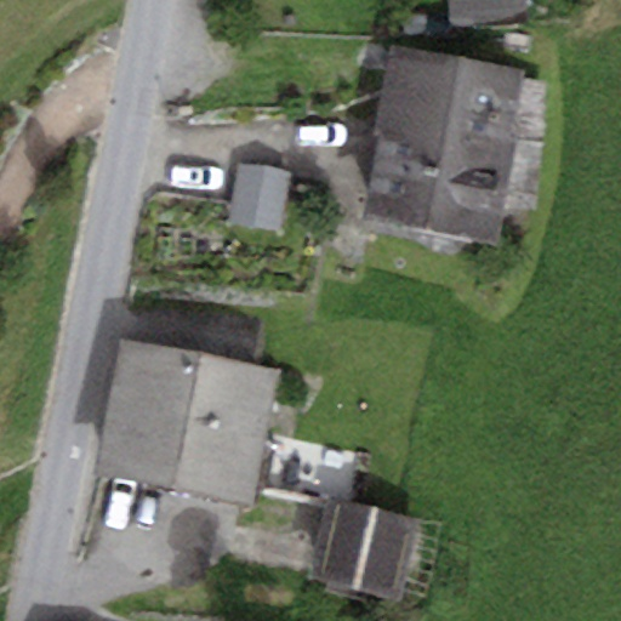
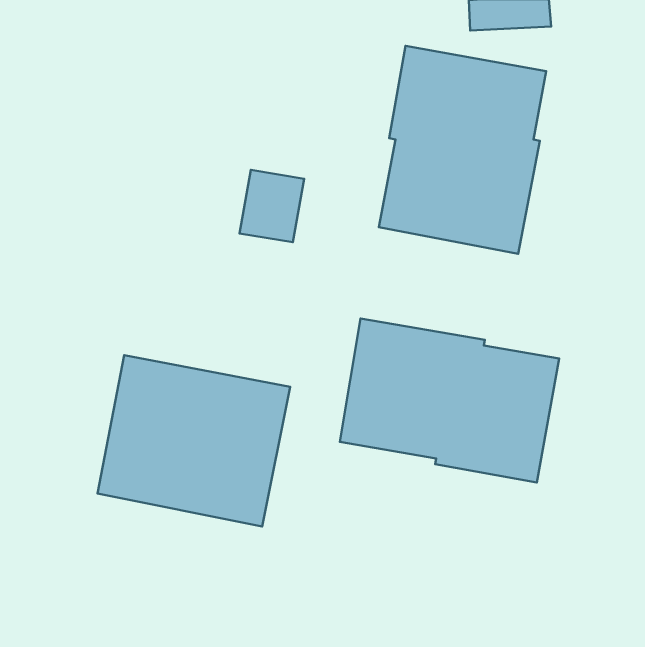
building: none -> [340,318,559,483]
building: [313,497,422,599] -> none

